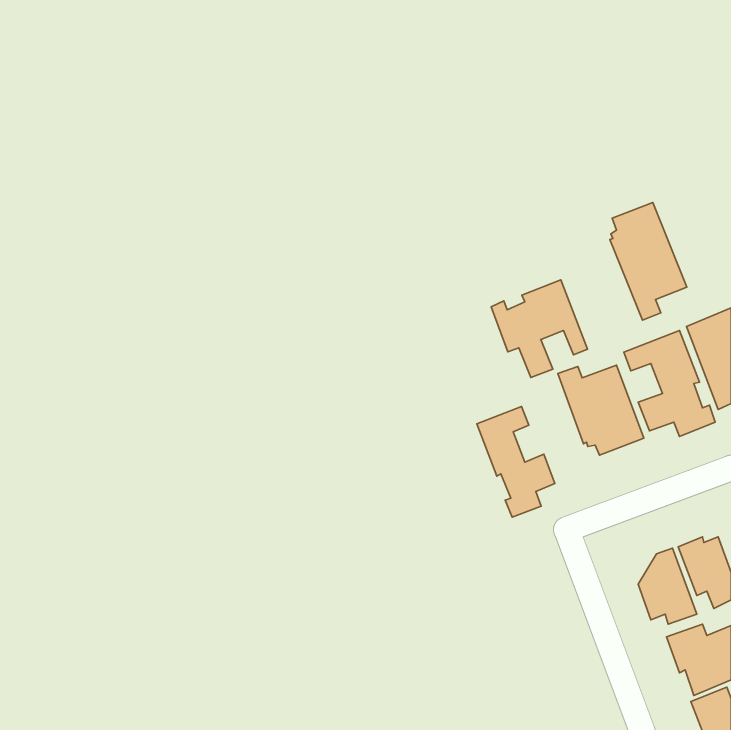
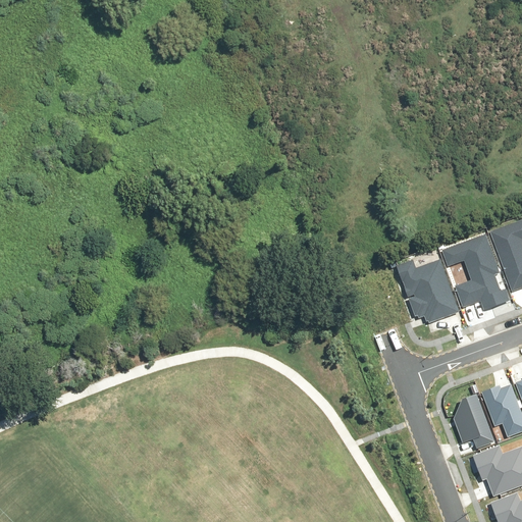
building: [610,202,687,320] -> none
building: [491,280,587,377] -> none
building: [477,406,555,517] -> none

